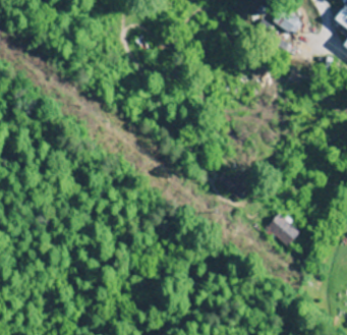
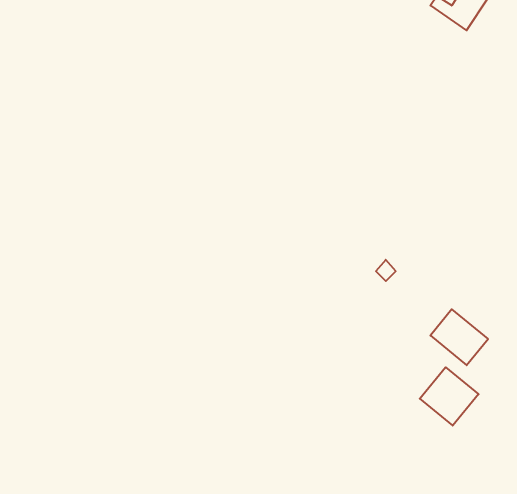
building: none -> [420,367,479,426]

